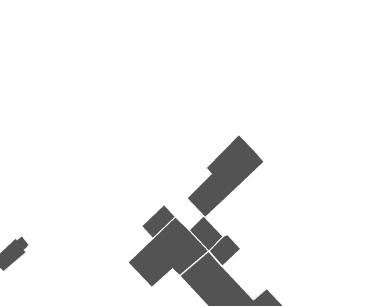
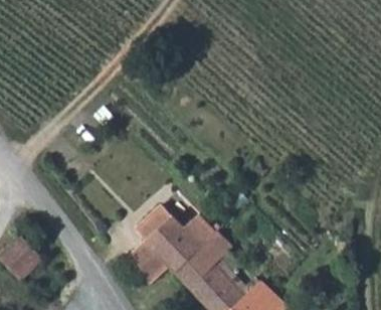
building: [187,134,264,218] -> none

